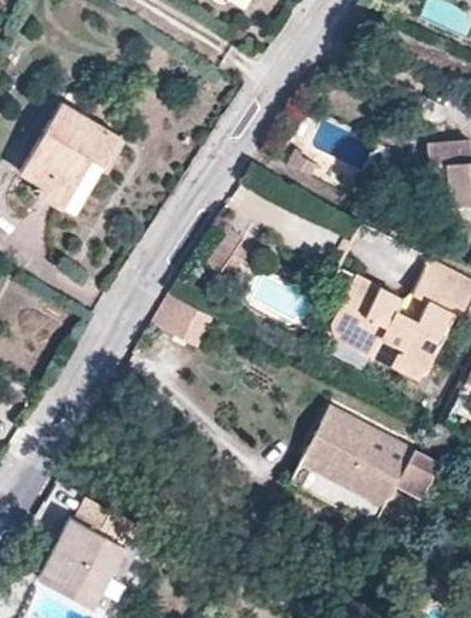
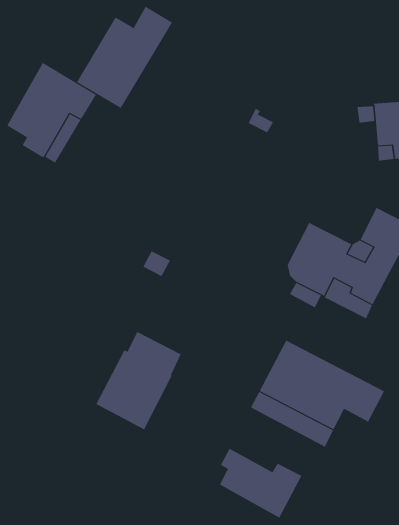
building: none -> [76,6,173,109]
building: [39,494,134,604] -> [96,331,181,430]
building: none -> [219,448,302,518]

